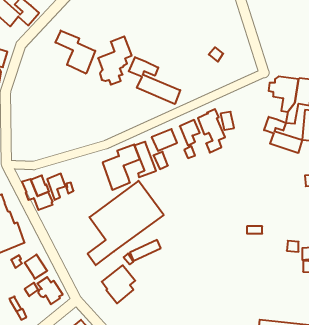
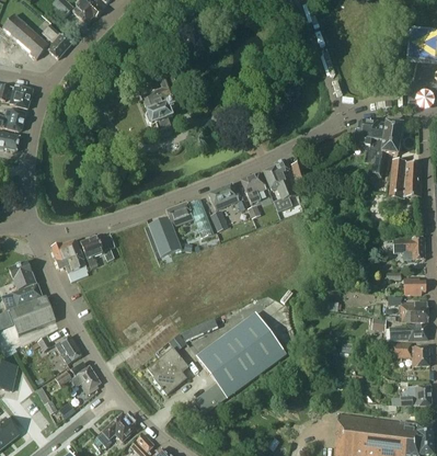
building: [55,30,95,74] -> none
building: [129,57,180,104] -> none
building: [264,117,302,153] -> none
building: [88,181,164,265] -> [195,311,287,413]

